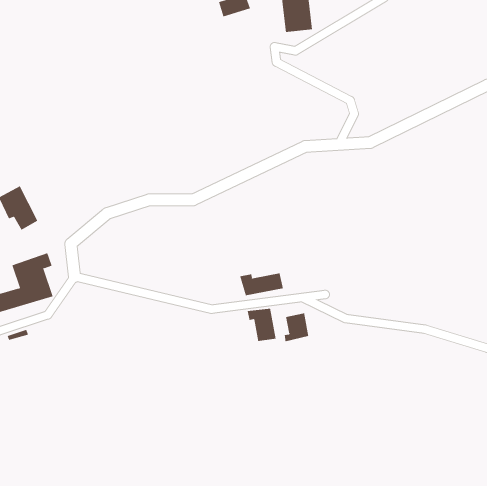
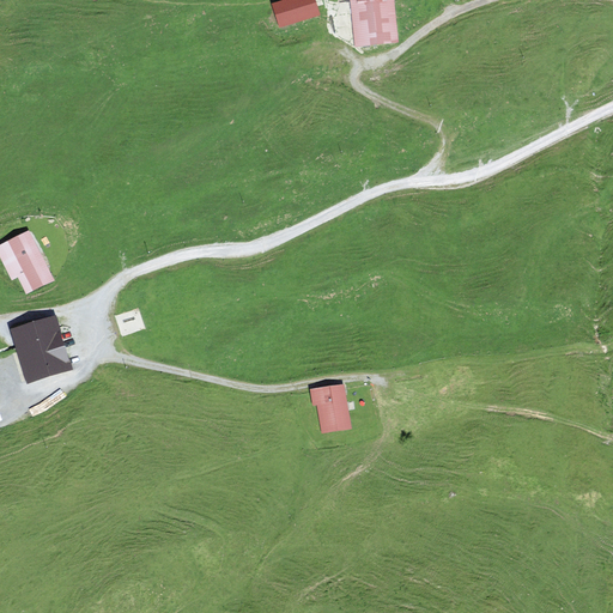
building: [240,272,284,296] -> none
building: [284,312,309,342] -> none

